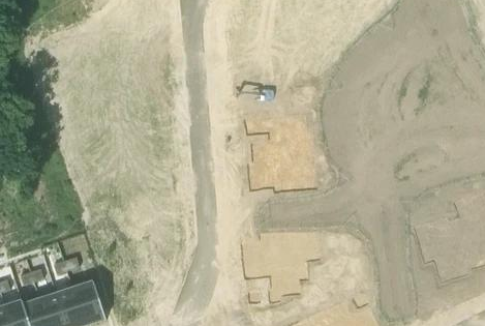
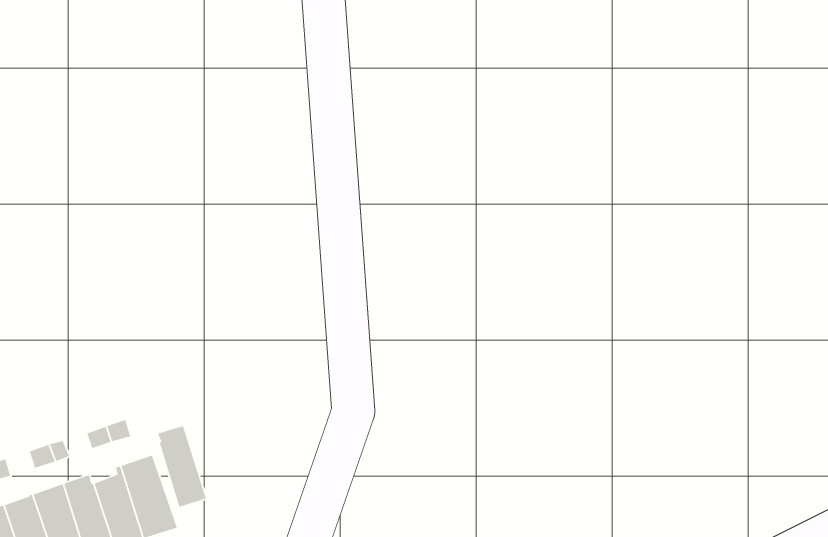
building: none -> [157,425,207,508]

